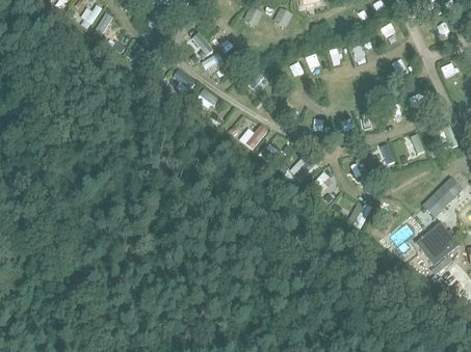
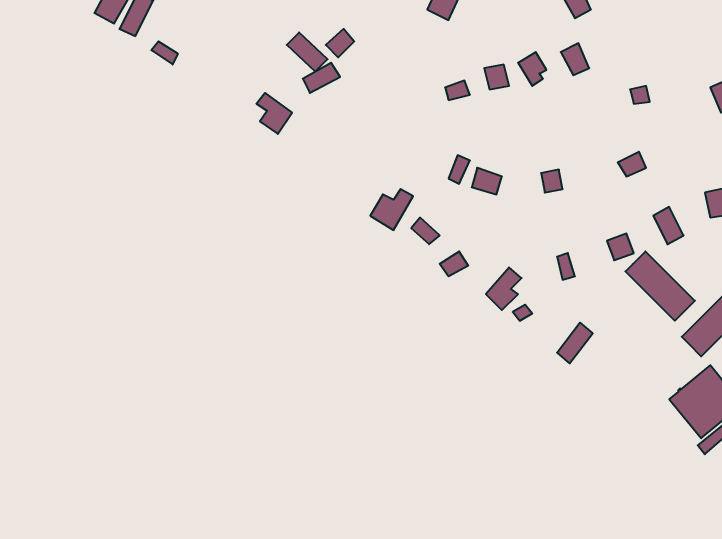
building: none -> [625,251,695,321]

